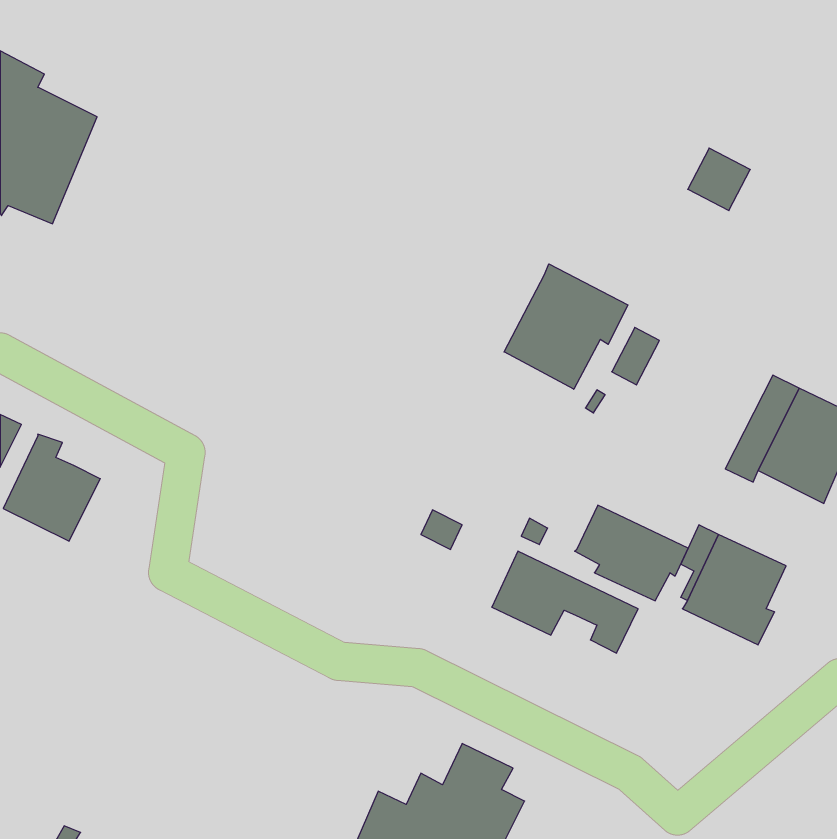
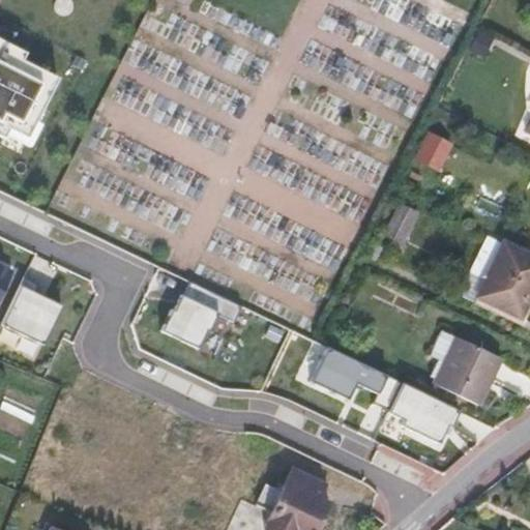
building: [688,148,750,211] -> [415,131,454,171]
building: [504,264,628,389] -> none
building: none -> [160,283,240,348]
building: [575,505,688,601] -> [389,384,461,444]

